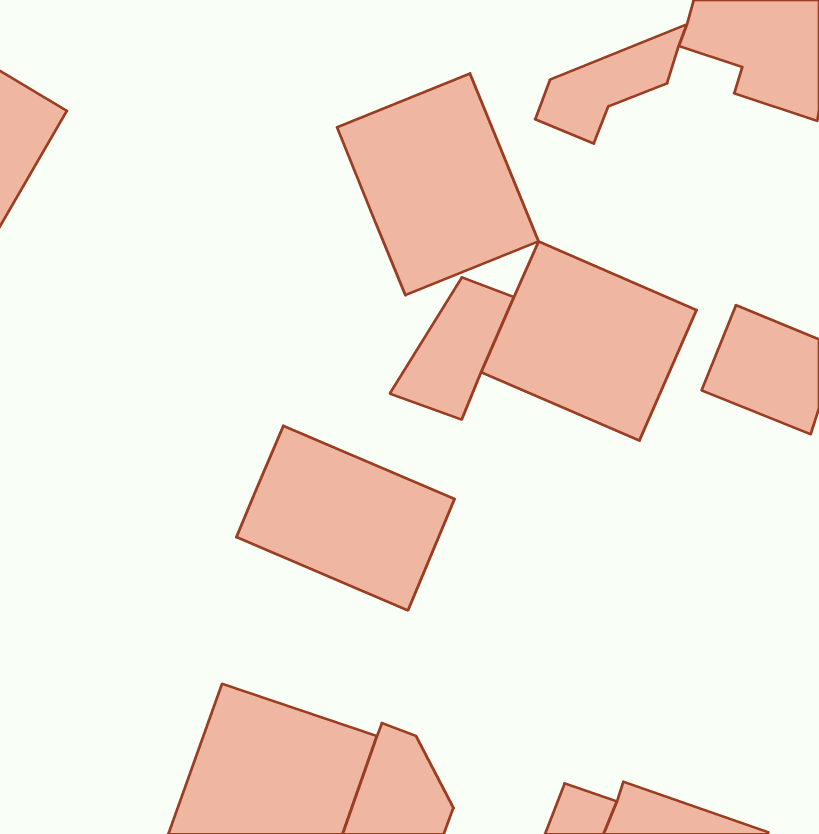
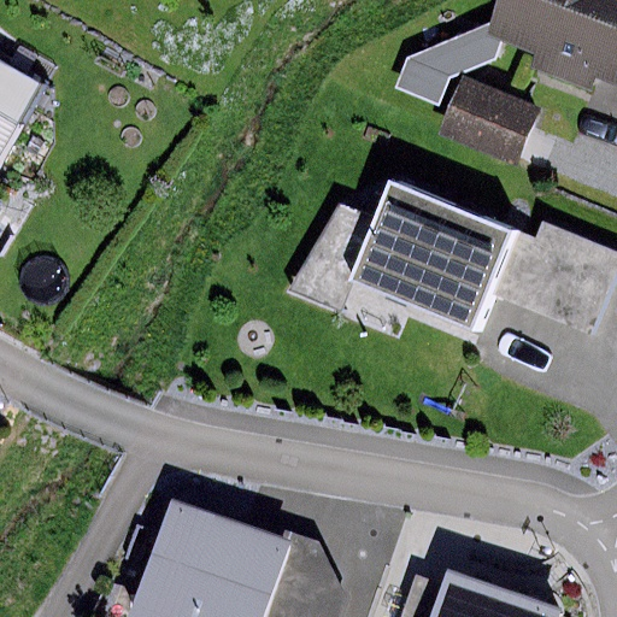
building: [337,73,538,295] -> none
building: none -> [441,77,542,170]
building: [236,426,455,610] -> none

